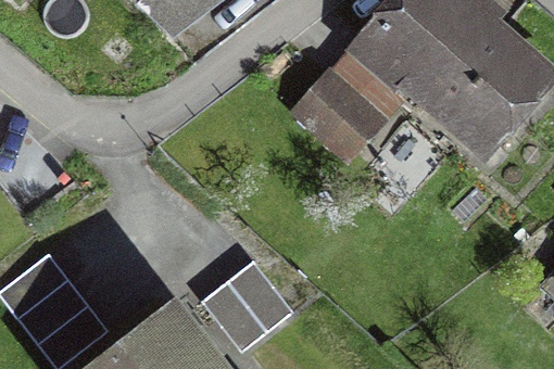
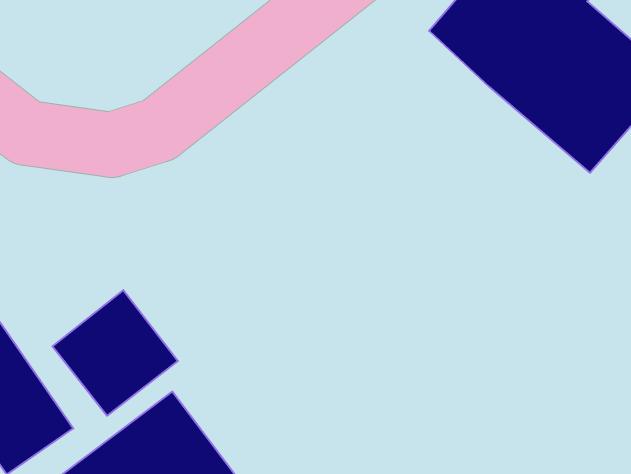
building: [301,42,408,151] -> none
building: [202,260,294,353] -> [52,290,178,416]

